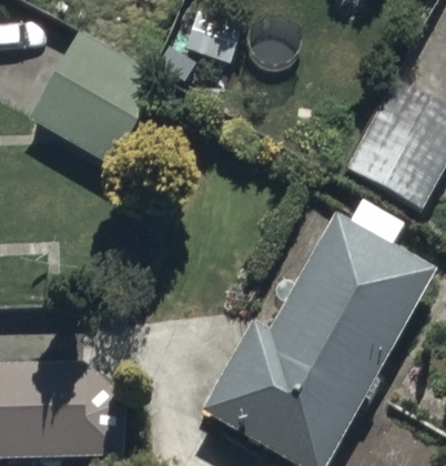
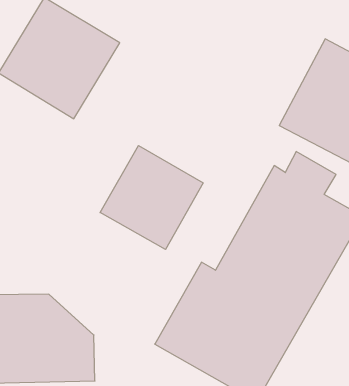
building: none -> [100,146,203,249]

